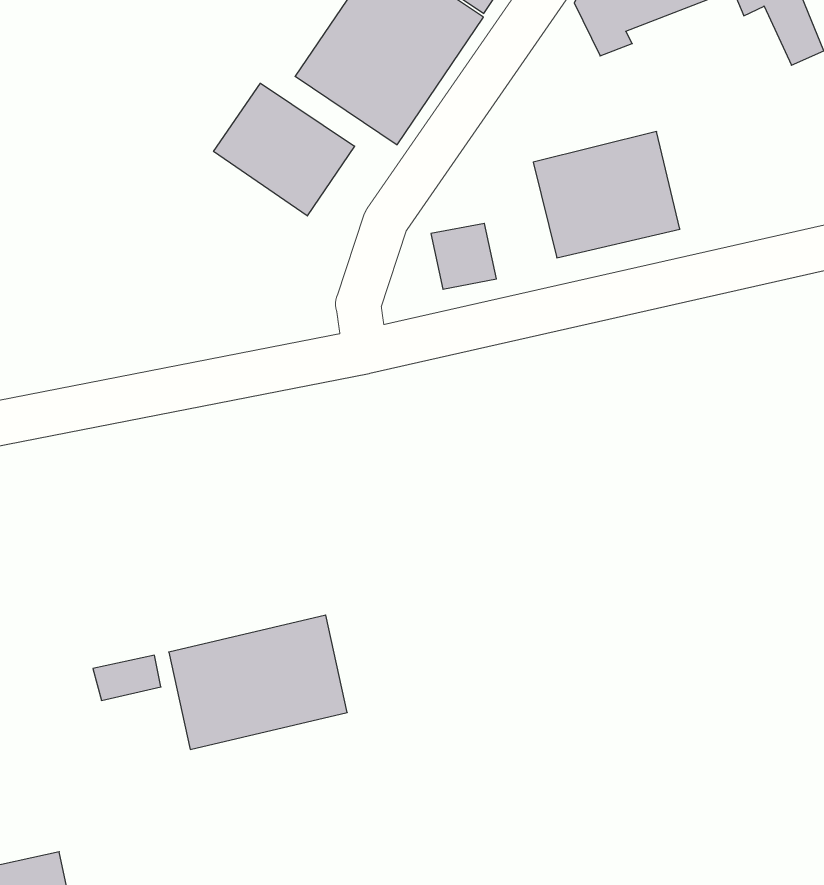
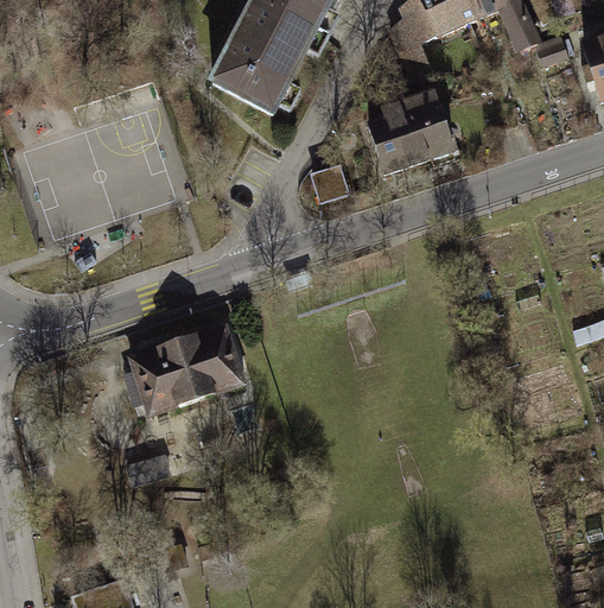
building: [214,83,355,216] -> none
building: [169,615,347,749] -> [126,321,239,411]

